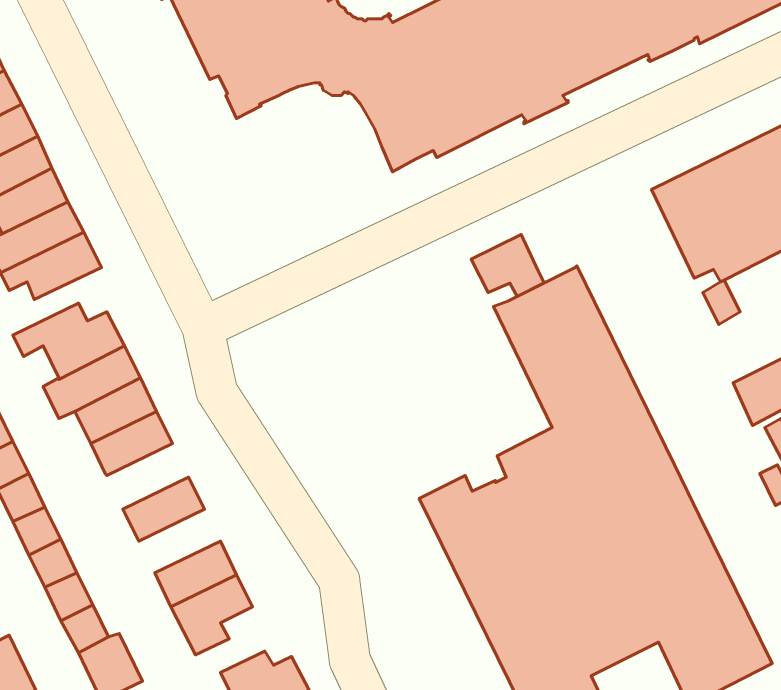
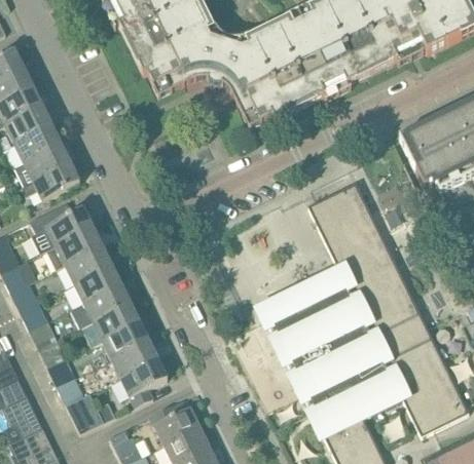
building: [471,235,544,297] -> none
building: none -> [68,281,129,324]
building: none -> [100,319,147,356]

